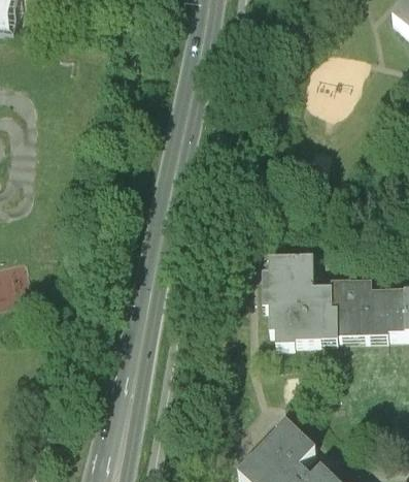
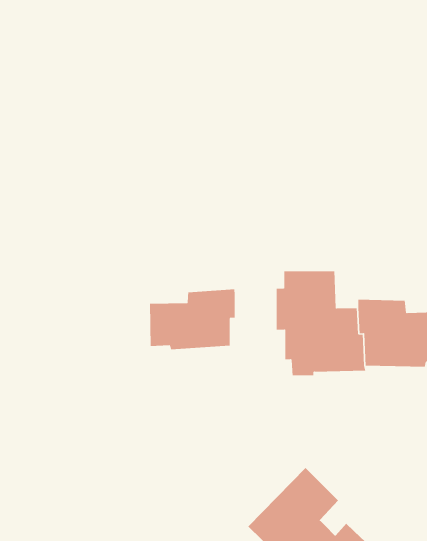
building: none -> [149,288,235,350]

